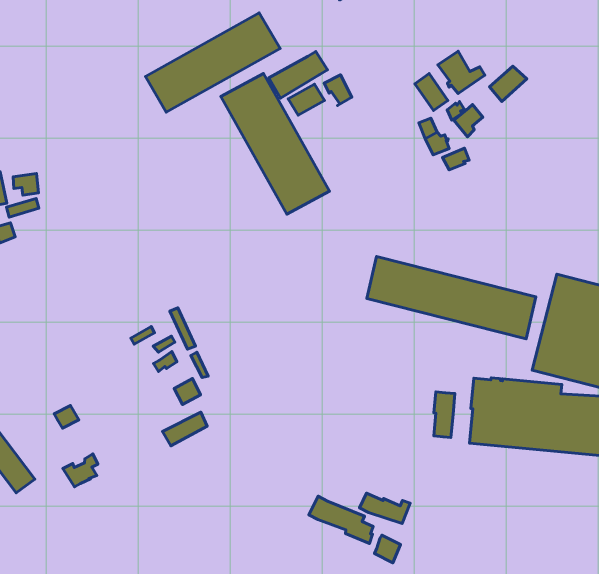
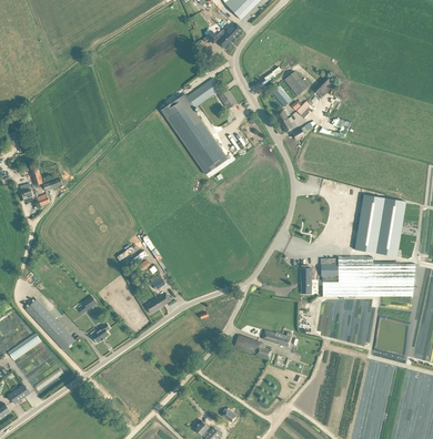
building: [145,13,280,112] -> none
building: [367,256,536,339] -> none

